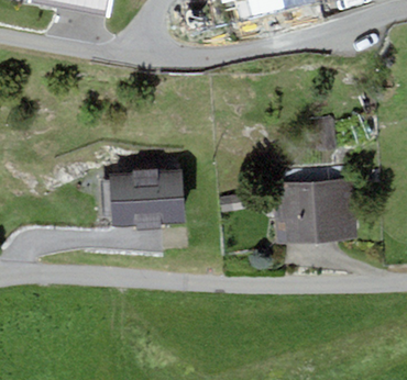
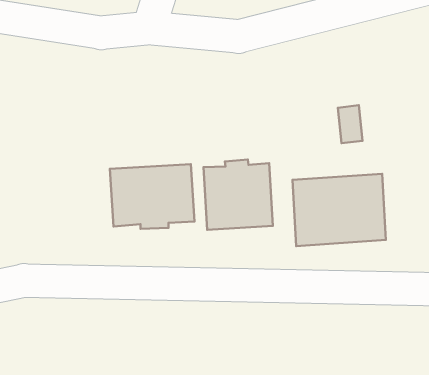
building: none -> [203,159,273,230]

